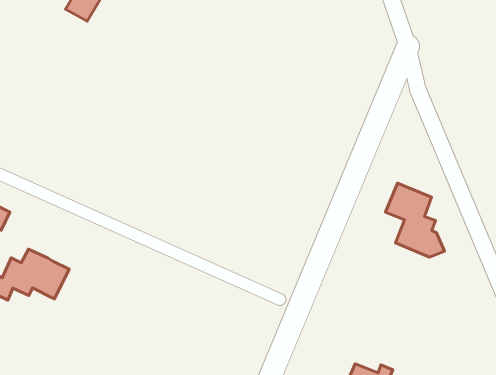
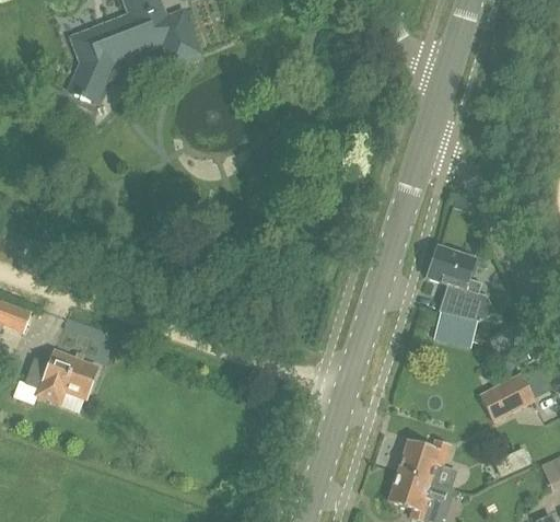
building: none -> [432,309,477,346]
building: none -> [479,373,533,420]

